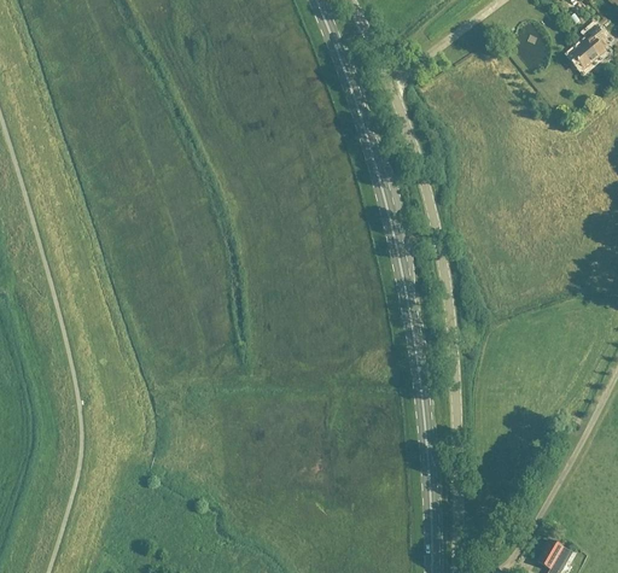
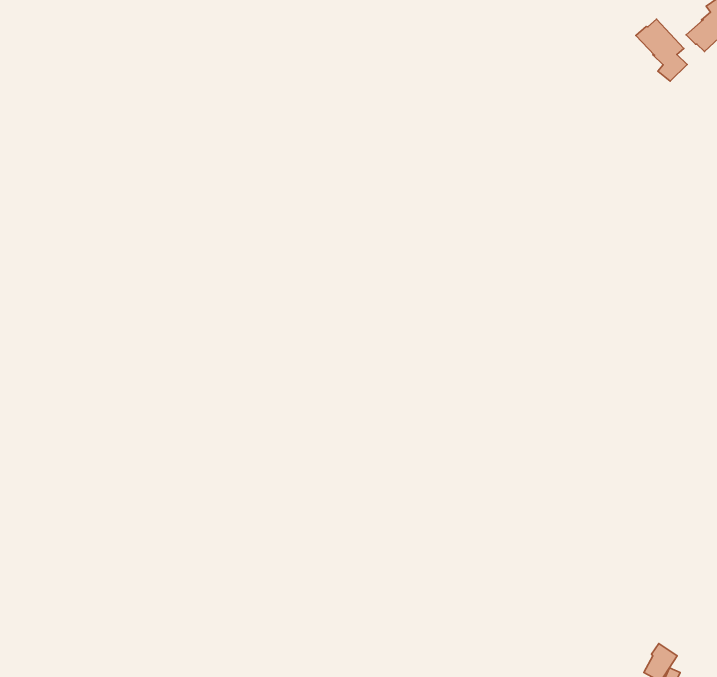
building: none -> [636,19,687,81]

